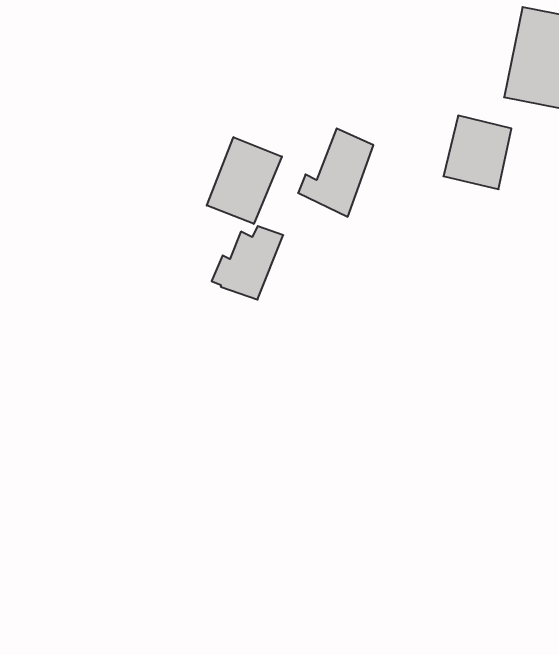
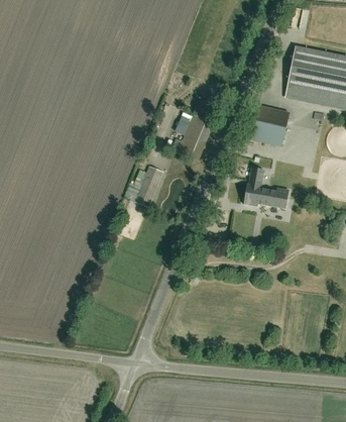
building: [207,137,282,224] -> none
building: none -> [243,168,289,209]

